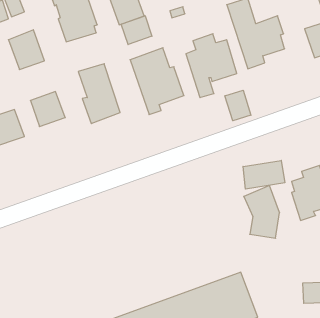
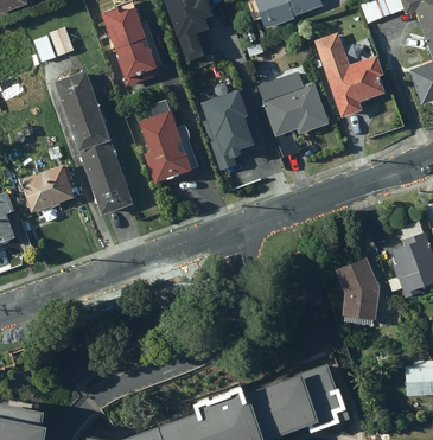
building: [121,16,152,45] -> none
building: none -> [68,108,110,155]
building: [225,90,251,121] -> none
building: none -> [91,176,133,218]
building: [243,160,285,189] -> none

